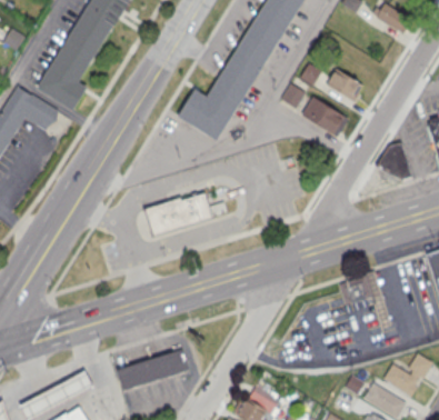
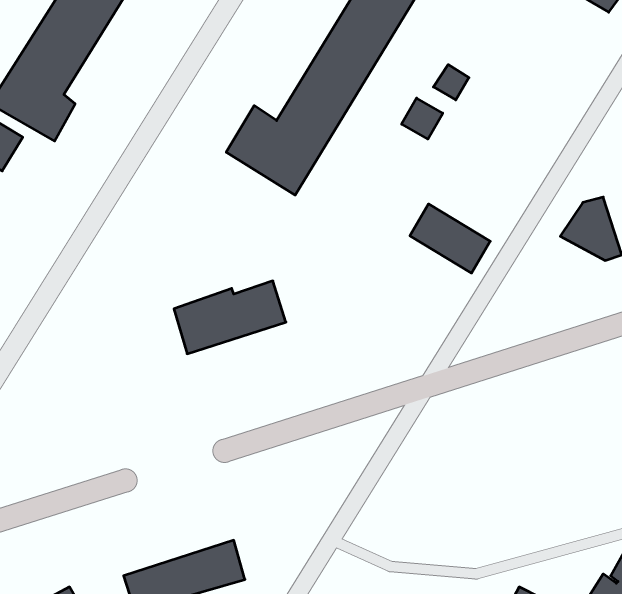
building: [325,70,362,101] -> none
building: [300,98,348,139] -> [410,204,490,273]

